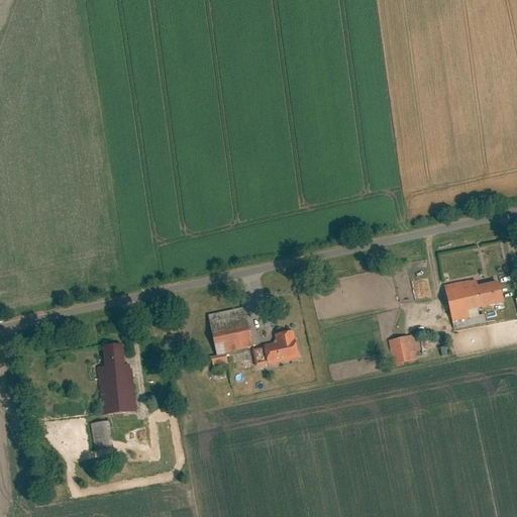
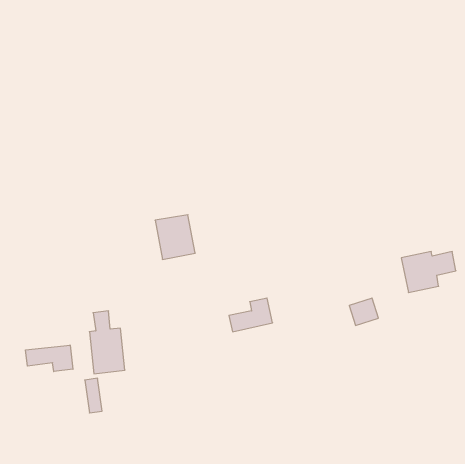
building: [207,304,251,353] -> [155,215,195,259]
building: none -> [26,345,73,372]

